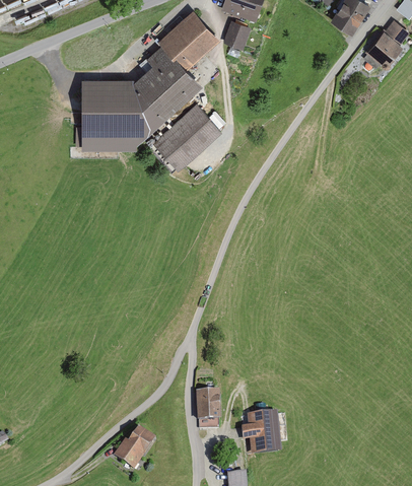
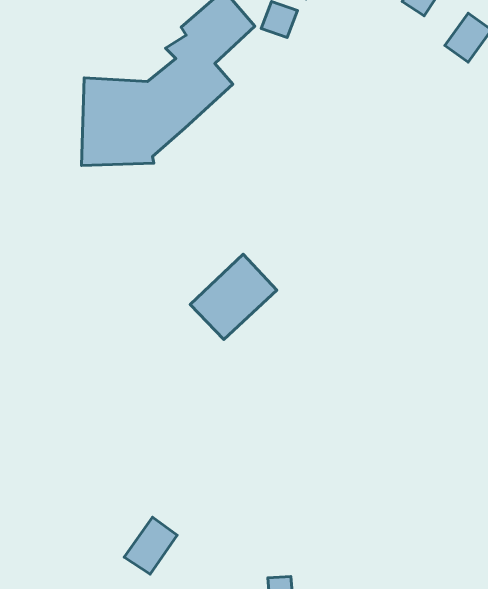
building: [156,103,224,170] -> [190,254,277,339]
building: [195,389,219,420] -> none
building: [246,412,279,454] -> none

